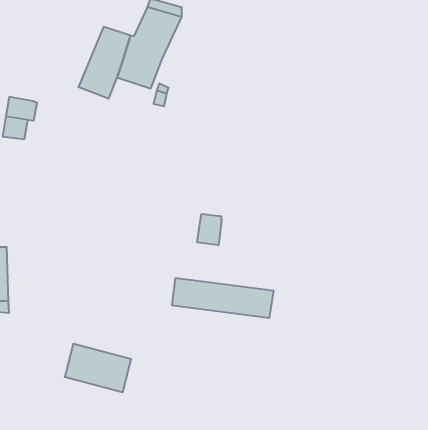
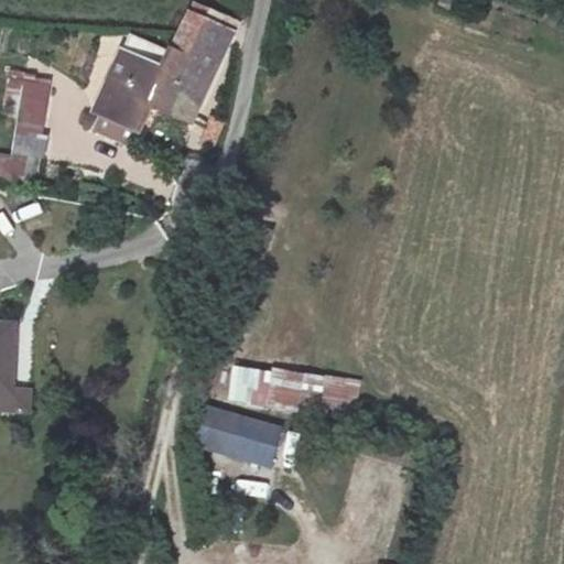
building: none -> [12,77,50,132]
building: [197,214,221,245] -> none
building: [65,344,131,392] -> [193,406,280,469]

